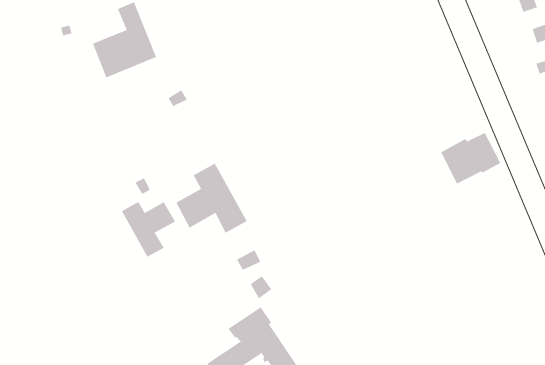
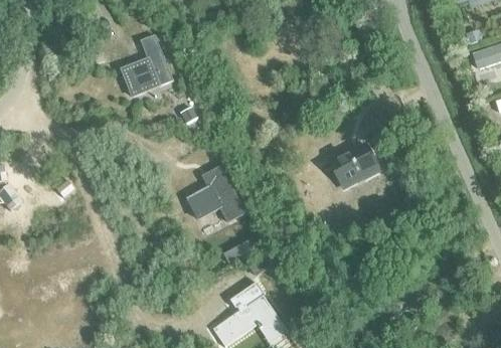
building: [440,132,501,184] -> [329,144,378,186]
building: [121,201,176,258] -> none

